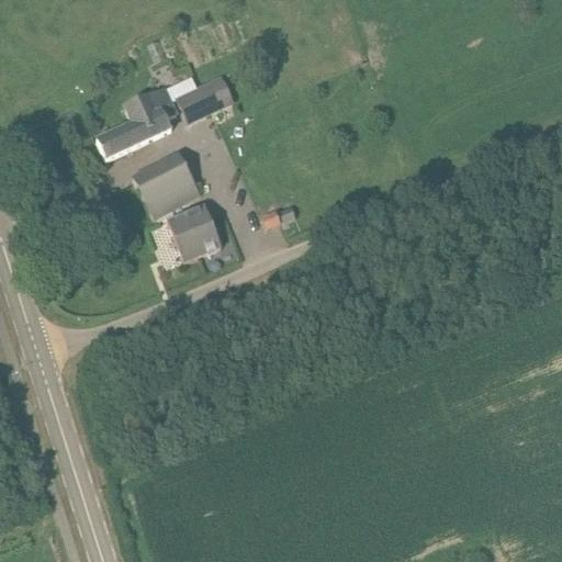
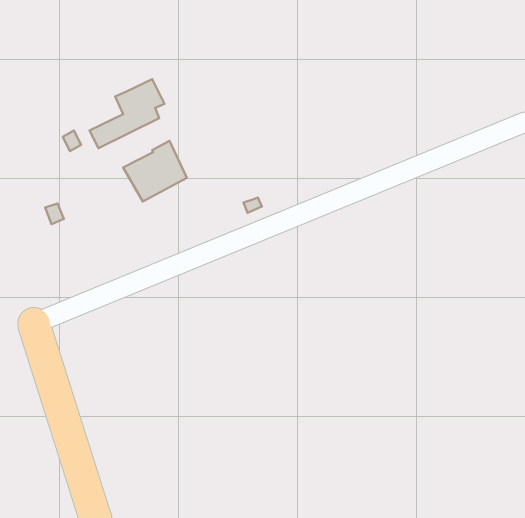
building: [177,77,231,120] -> none
building: [167,204,221,260] -> none

